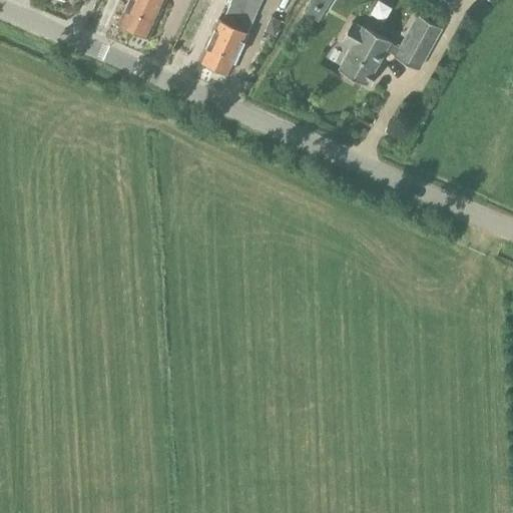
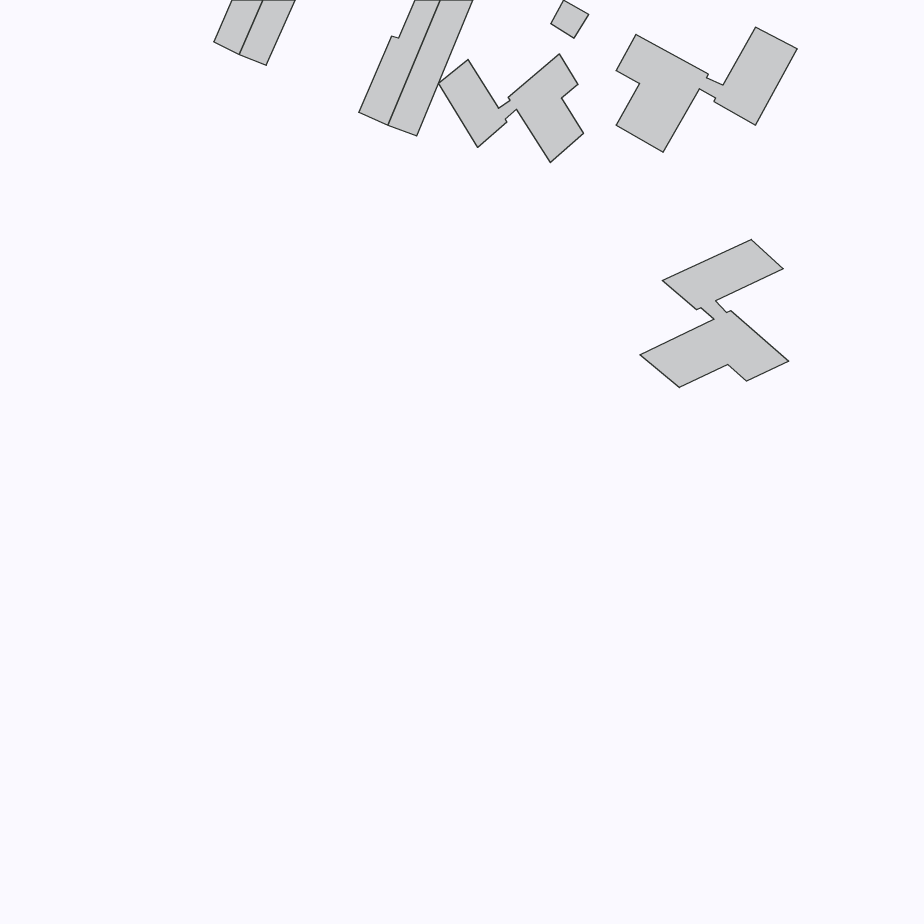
building: none -> [438,54,583,163]
building: none -> [640,239,789,388]

